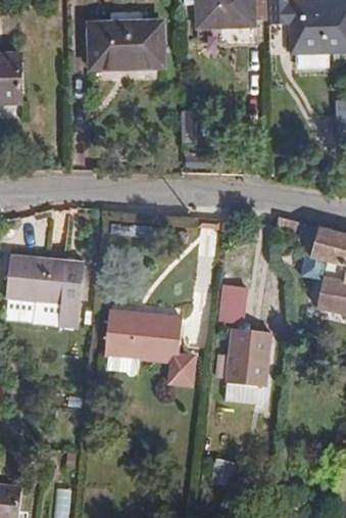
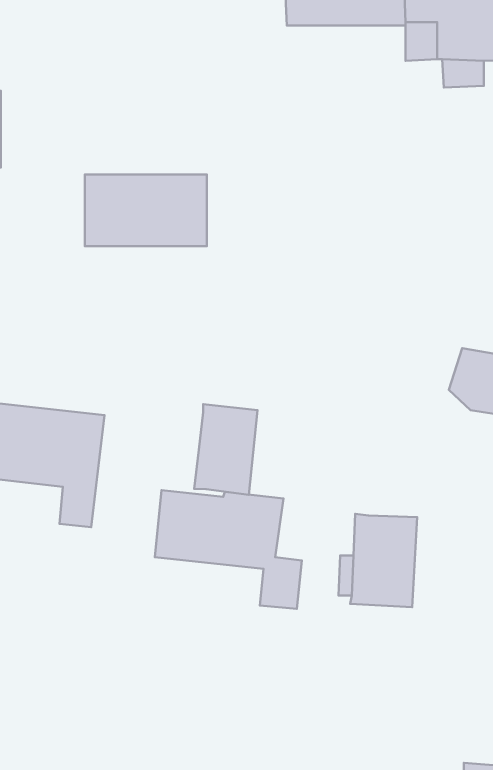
building: [85,28,159,72] -> [85,174,207,246]
building: none -> [194,404,258,495]
building: [220,288,245,325] -> none

